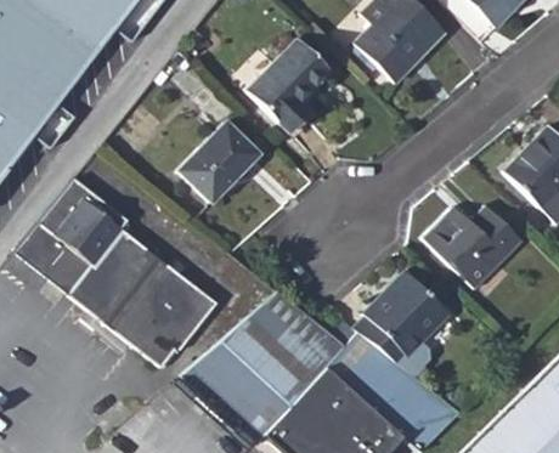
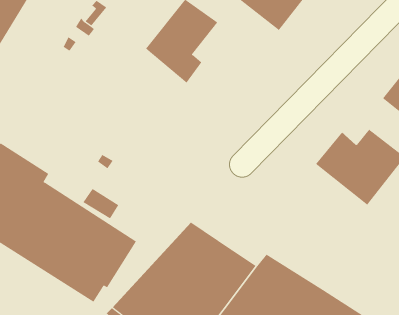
building: [179,120,259,200] -> none
building: [354,268,451,376] -> none

